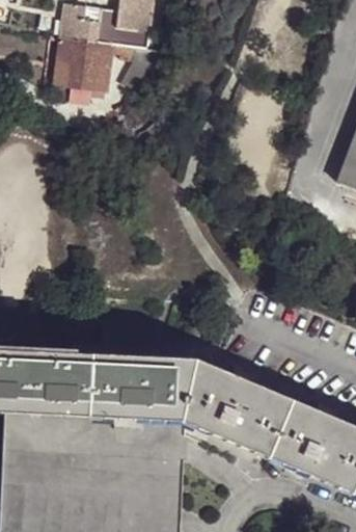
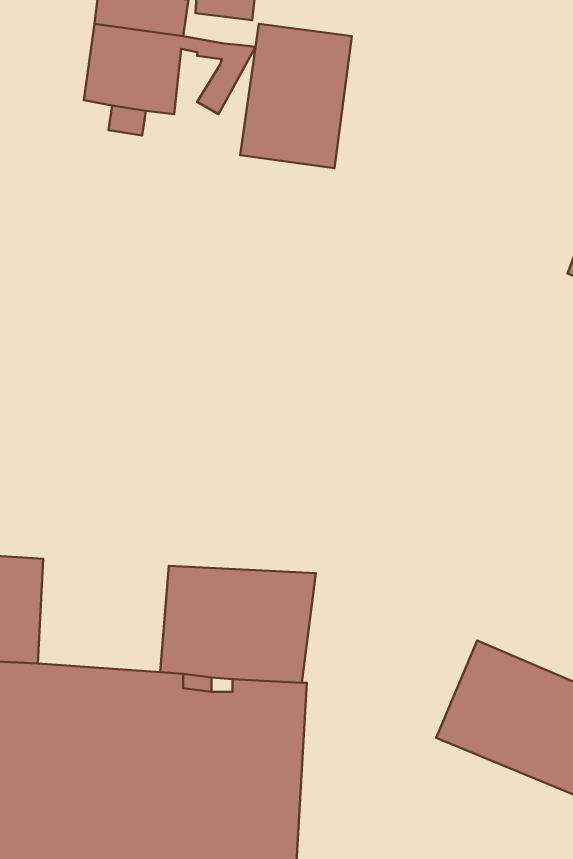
building: none -> [240,24,352,168]
building: [29,350,106,417] -> none
building: [184,358,286,455] -> none

